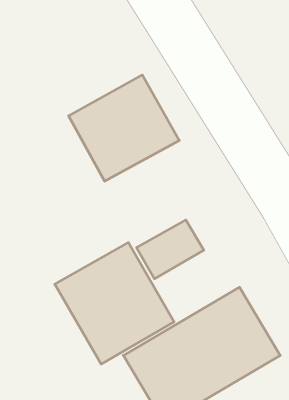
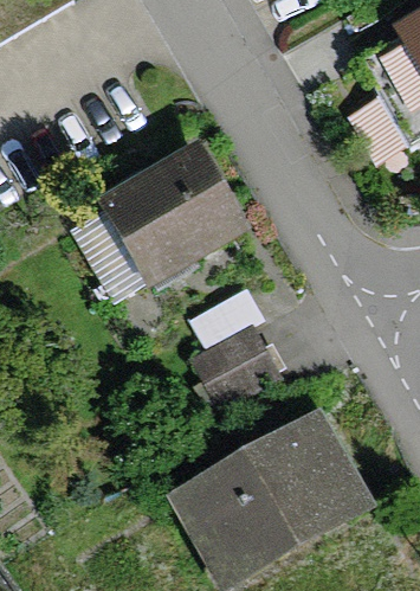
building: [55,243,174,364] -> none

